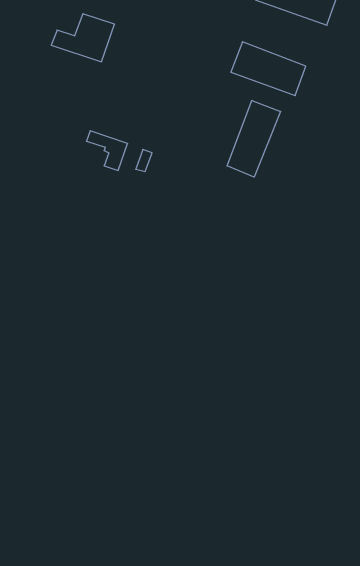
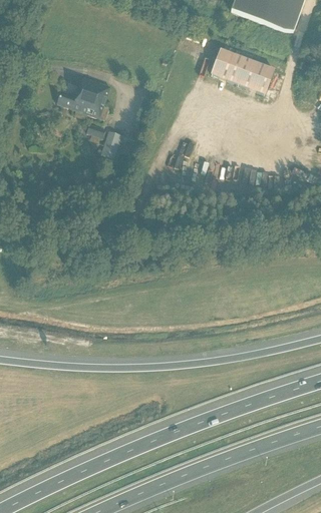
building: [51,14,115,62] -> [56,76,110,117]
building: [227,100,281,177] -> none

